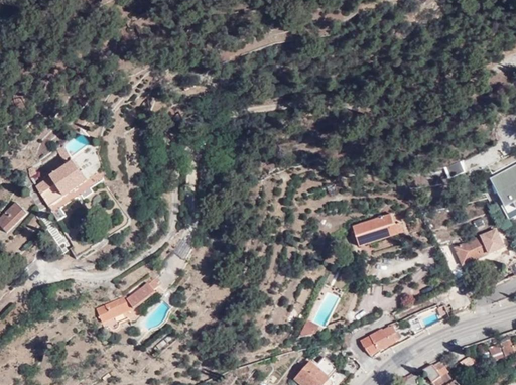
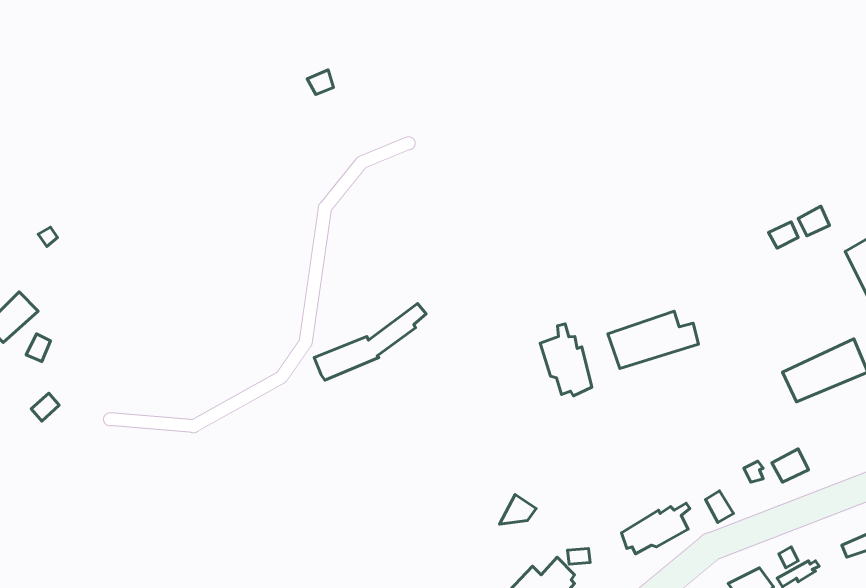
building: [35,159,84,205] -> none
building: none -> [540,324,592,396]
building: [96,277,160,322] -> [314,303,426,380]

